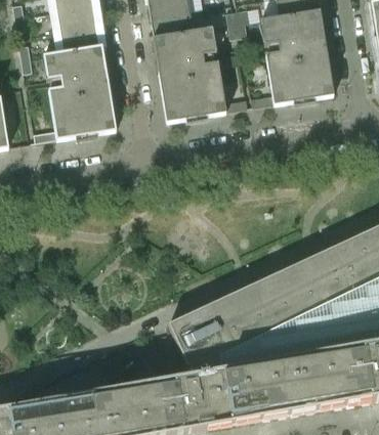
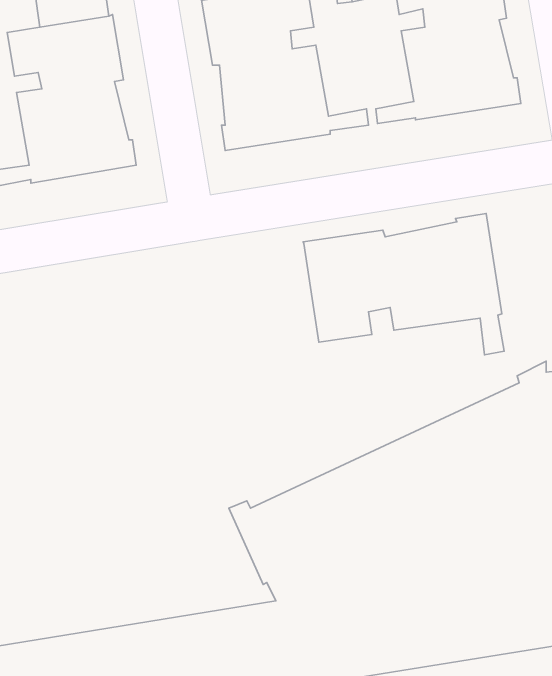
building: none -> [303,213,504,355]

